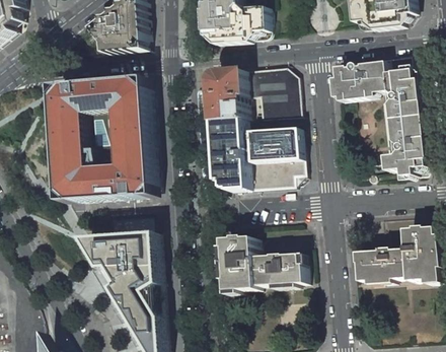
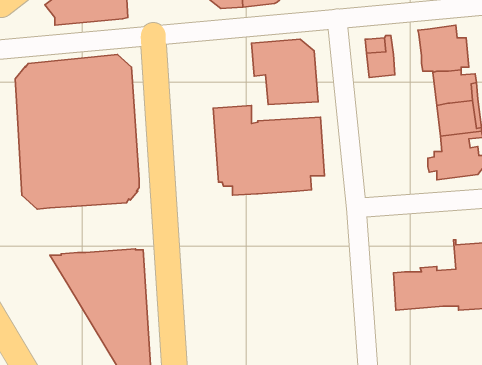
building: [351,59,376,94] -> none
building: [208,69,244,121] -> none
building: [220,236,301,290] -> none

